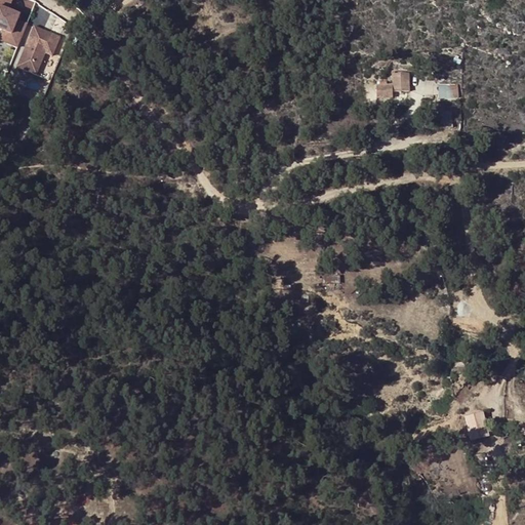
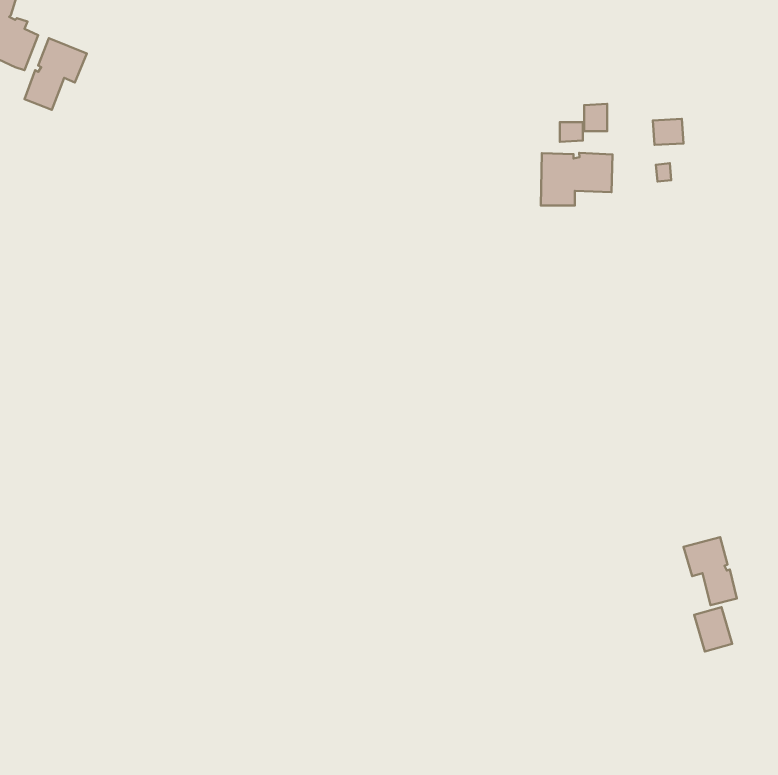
building: none -> [541,153,612,206]
building: none -> [684,537,737,605]

